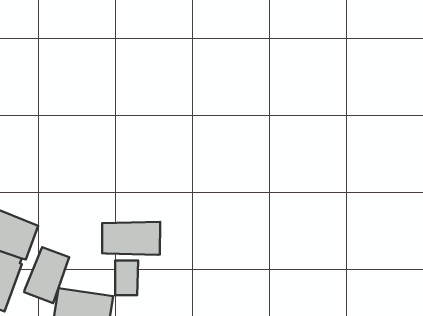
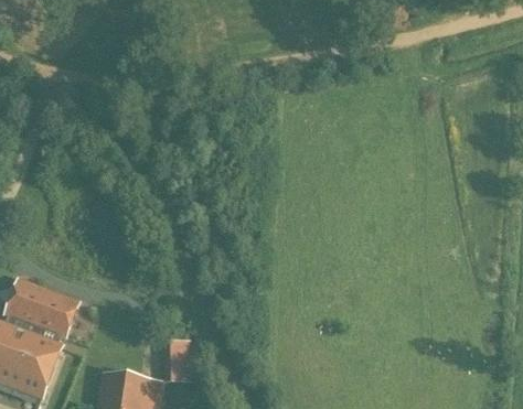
building: [102,222,160,255] -> none
building: [24,247,69,303] -> none

